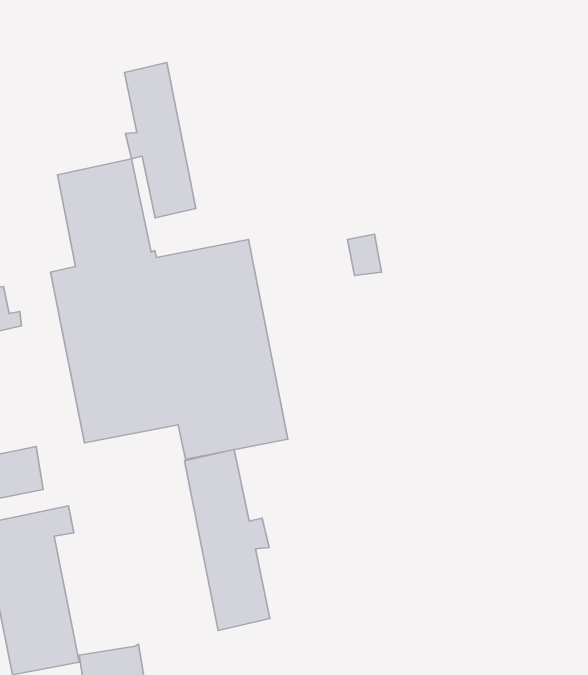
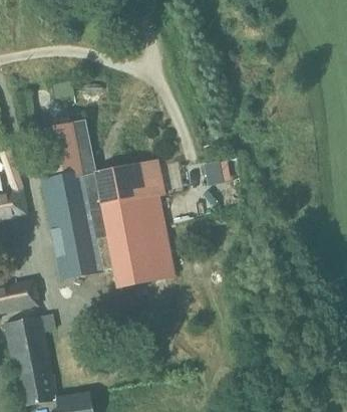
building: [124,63,196,218] -> none
building: [185,450,270,631] -> none

